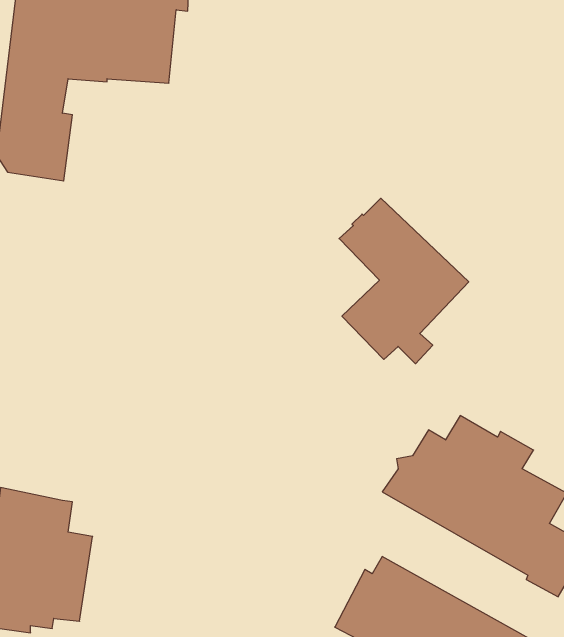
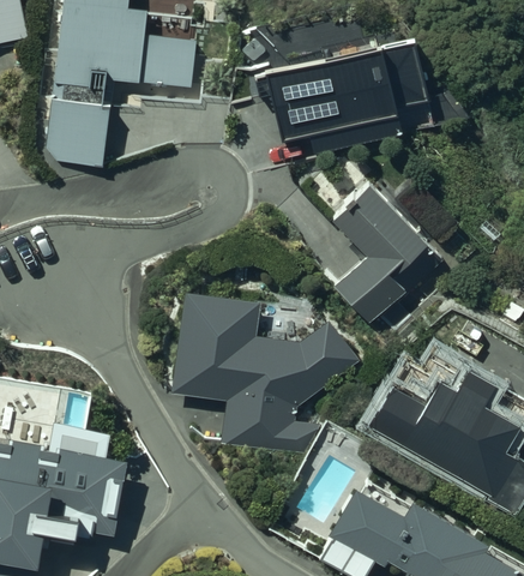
building: none -> [265,38,433,152]
building: none -> [170,293,357,449]

